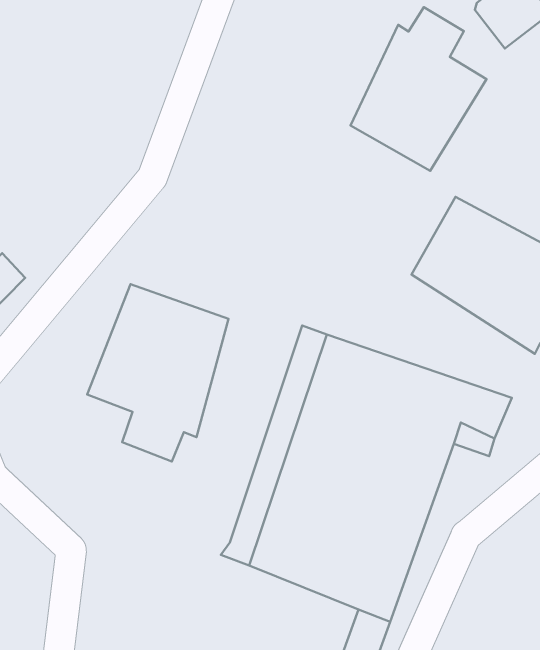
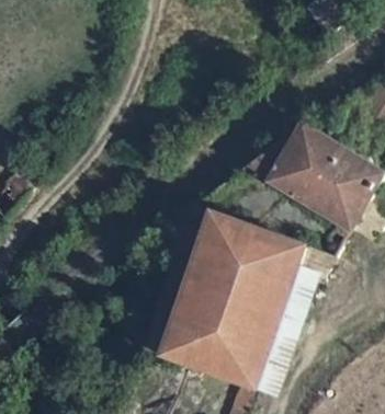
building: [351,7,486,171] -> none
building: [87,284,229,461] -> none

